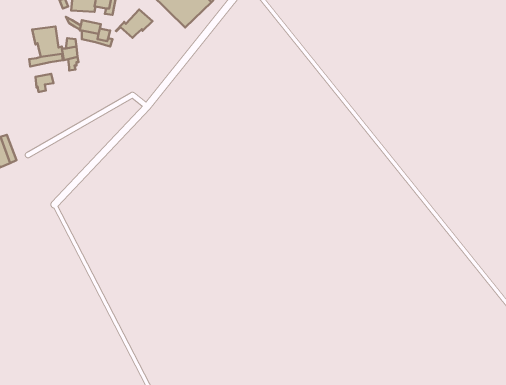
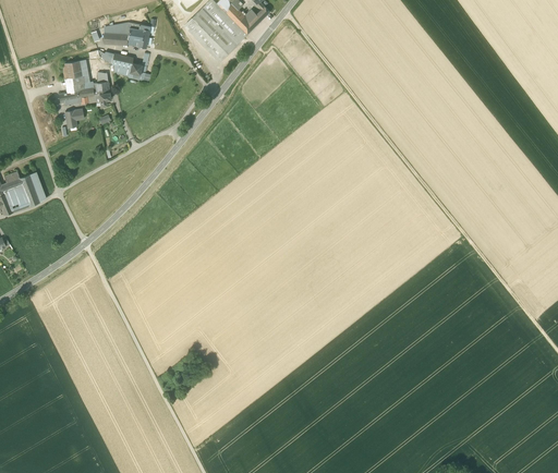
building: [116,10,152,38] -> none

